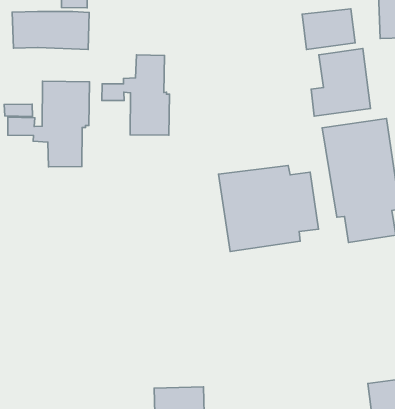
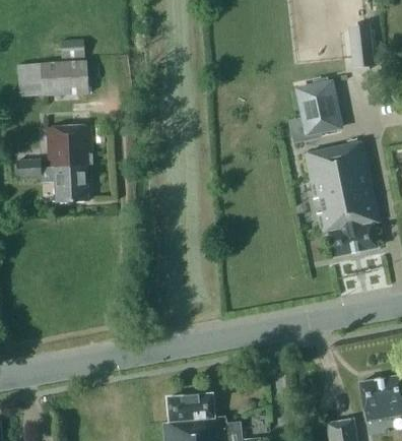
building: [302,9,355,49] -> none
building: [102,55,169,135] -> none
building: [219,166,319,252] -> none

